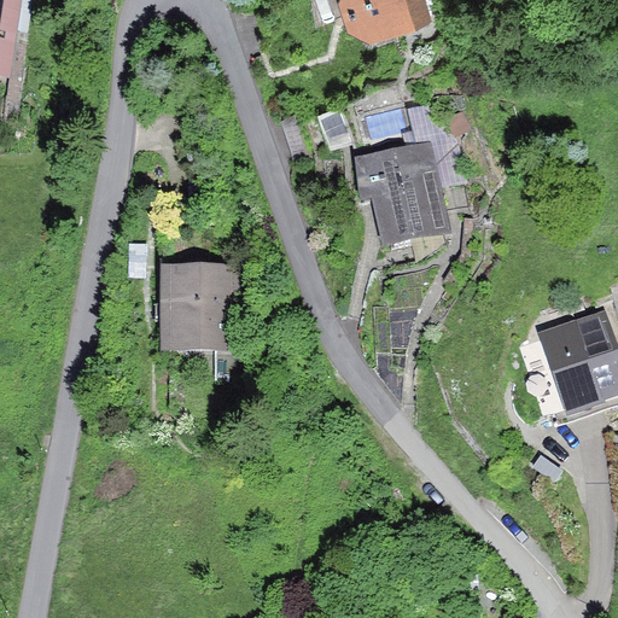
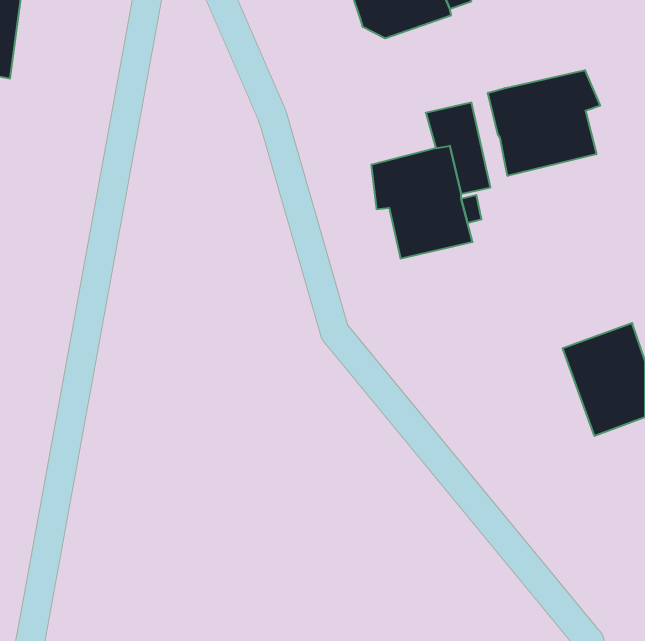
building: none -> [488,70,600,176]
building: [159,267,240,351] -> none

